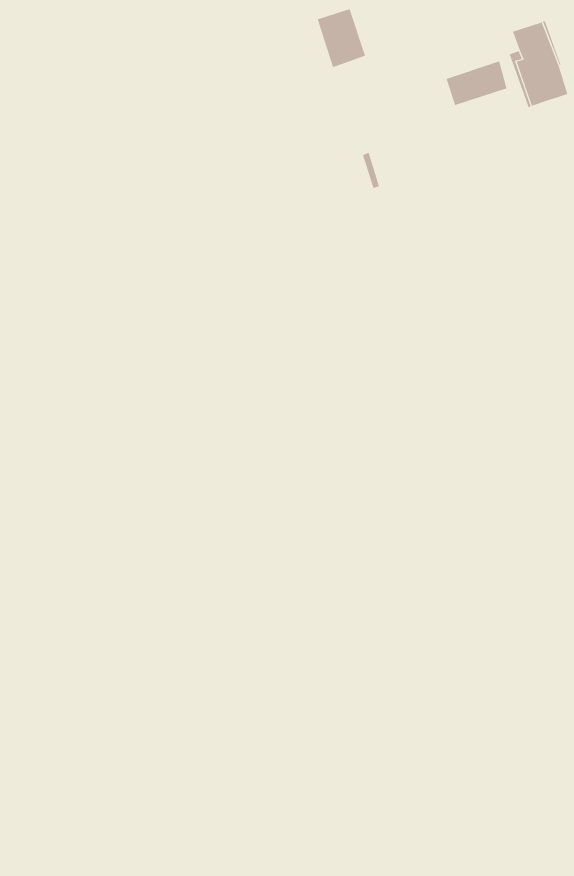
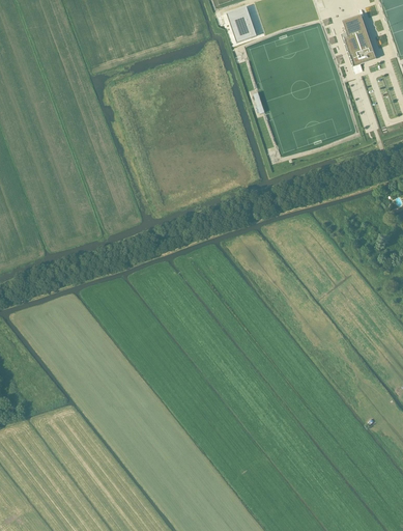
building: [446,61,507,106] -> none

